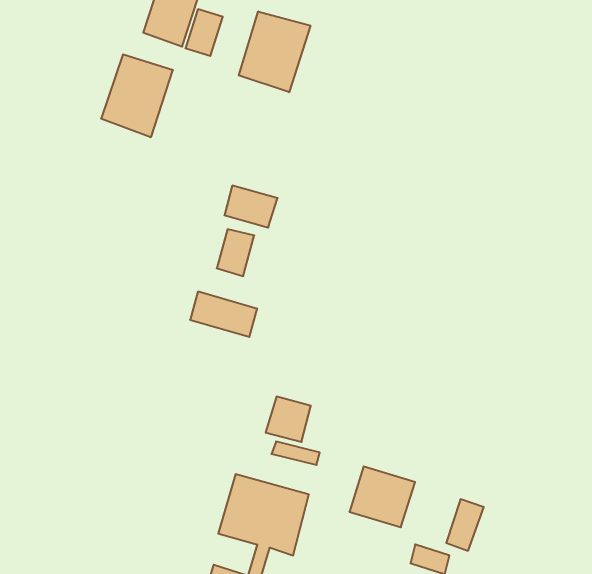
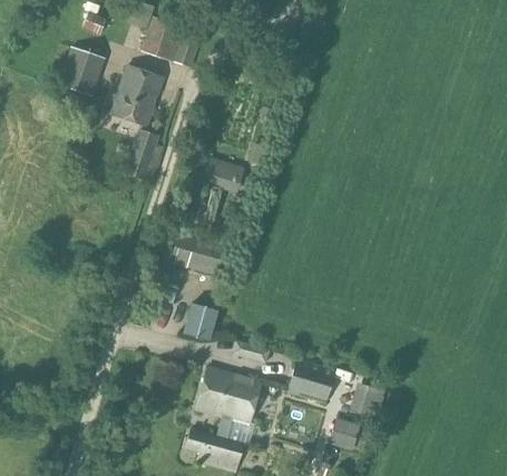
building: [239,11,310,92] -> none
building: none -> [59,47,105,96]
building: none -> [126,130,162,181]
building: [266,397,311,442] -> [184,304,216,336]

